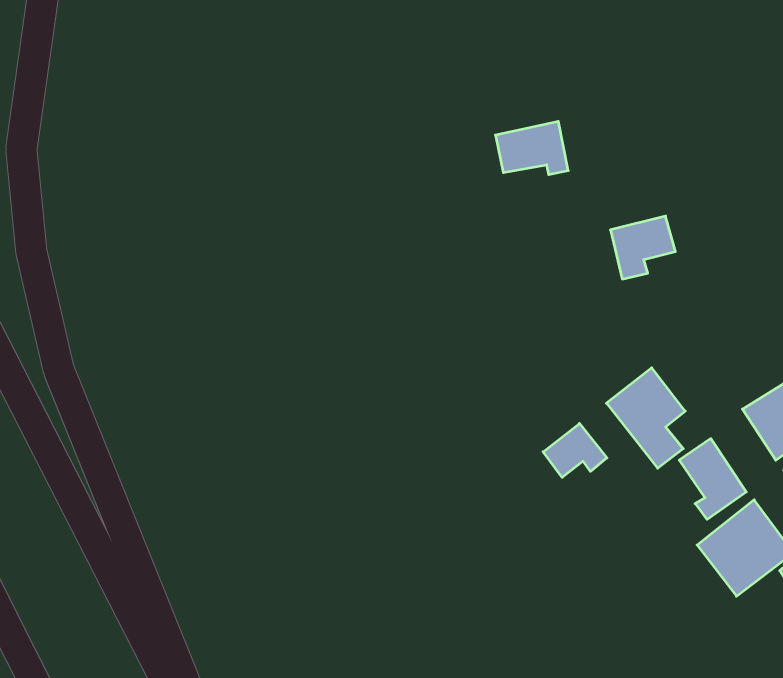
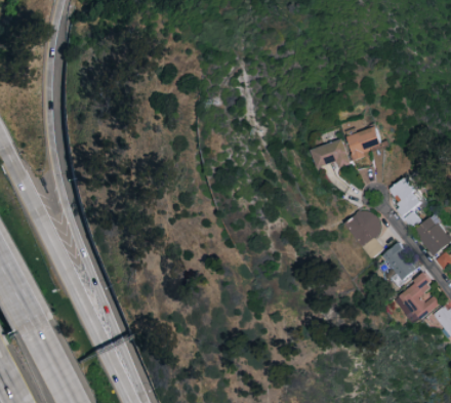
building: [495,121,568,175] -> [311,139,348,167]
building: none -> [389,177,423,229]
building: [543,423,607,477] -> none

